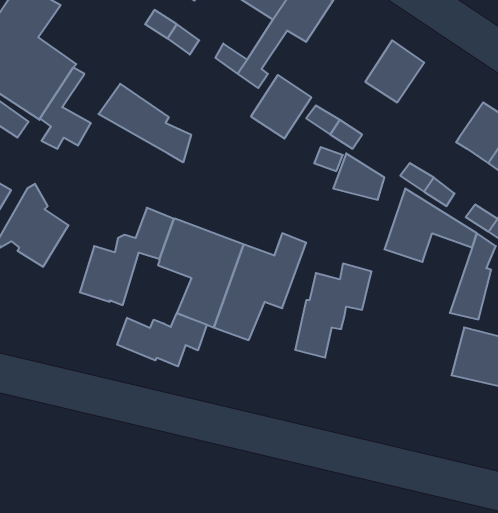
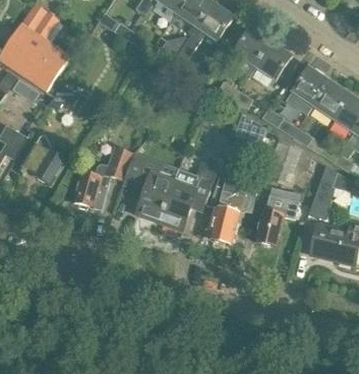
building: [251,75,311,139] -> [233,25,272,66]
building: none -> [288,64,330,111]
building: [98,84,191,162] -> none
building: none -> [255,191,299,244]
building: [117,313,207,366] -> none

